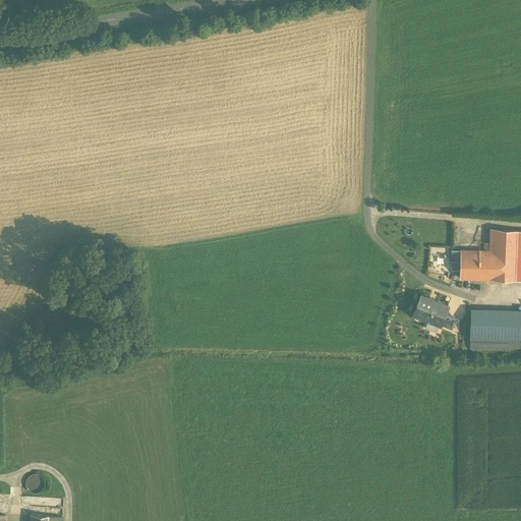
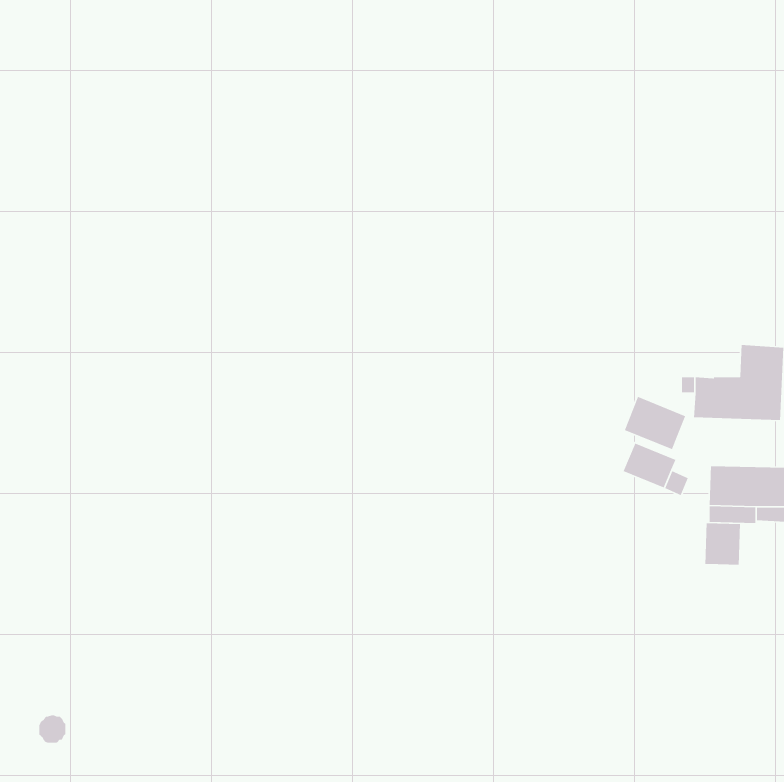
building: none -> [624,396,686,450]
building: none -> [704,523,741,565]

